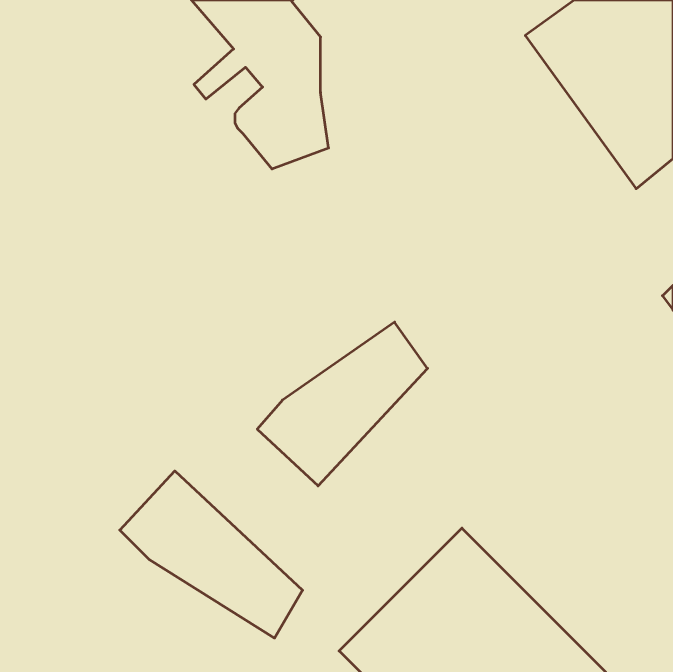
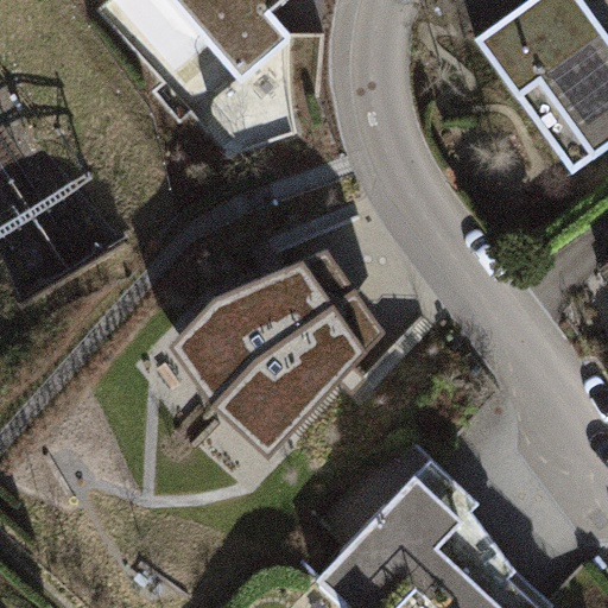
building: none -> [188,245,355,388]
building: [120,471,303,638] -> none

